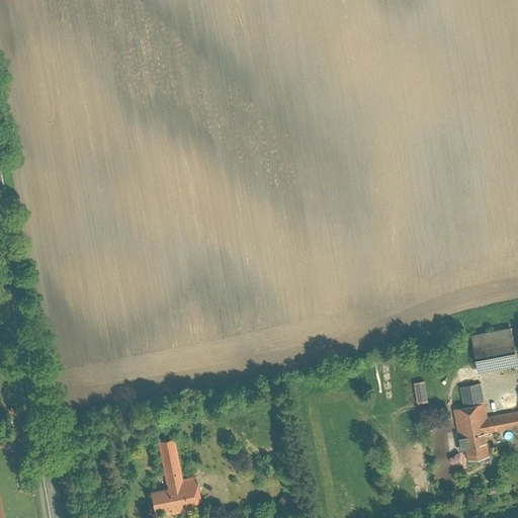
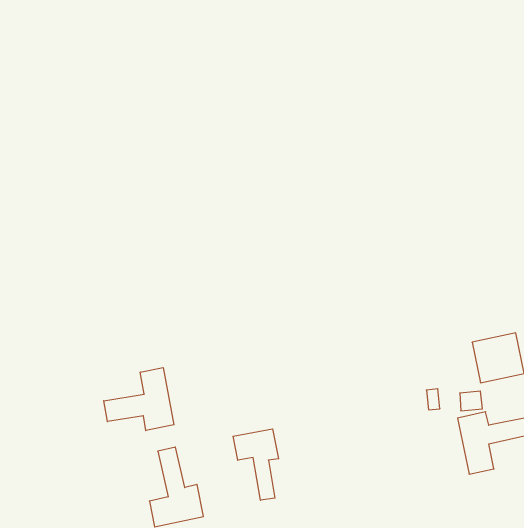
building: none -> [104,368,174,431]
building: none -> [233,429,279,500]

